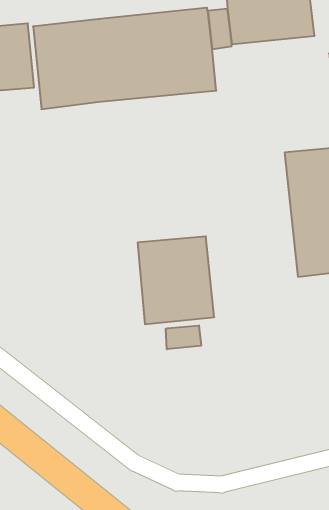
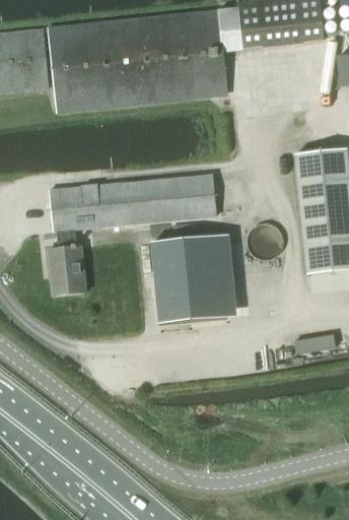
building: none -> [49,175,216,296]
building: [166,325,201,349] -> none

